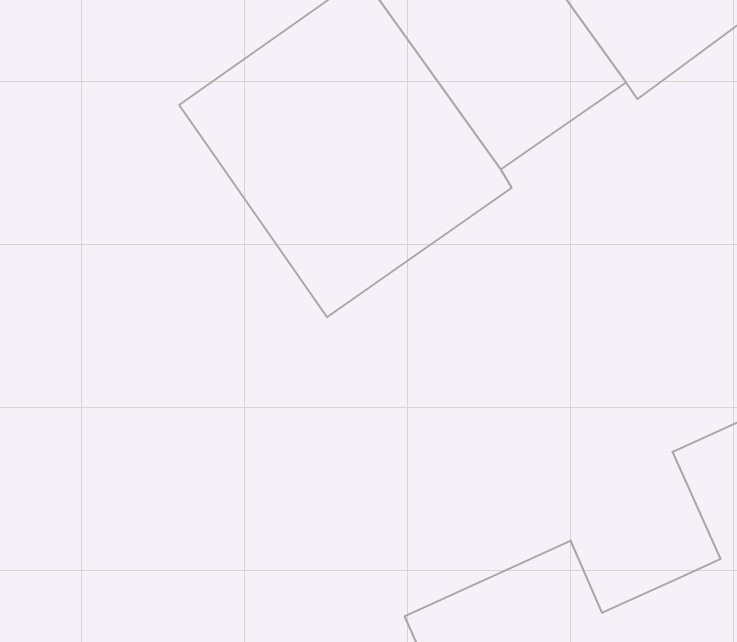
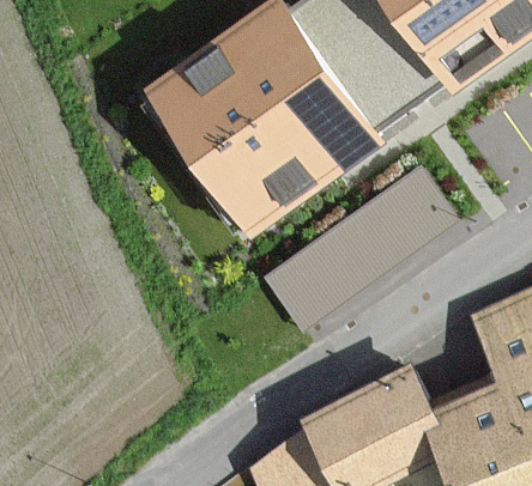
building: none -> [265,157,466,324]

